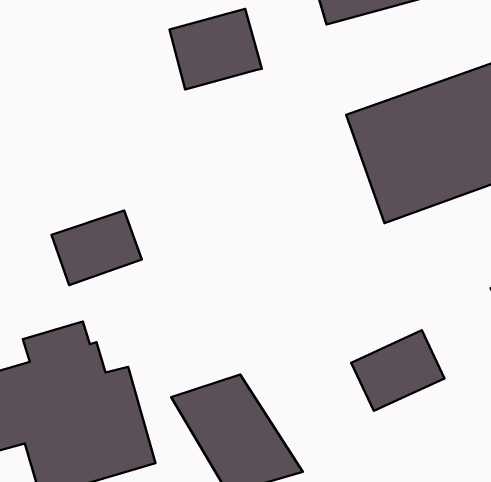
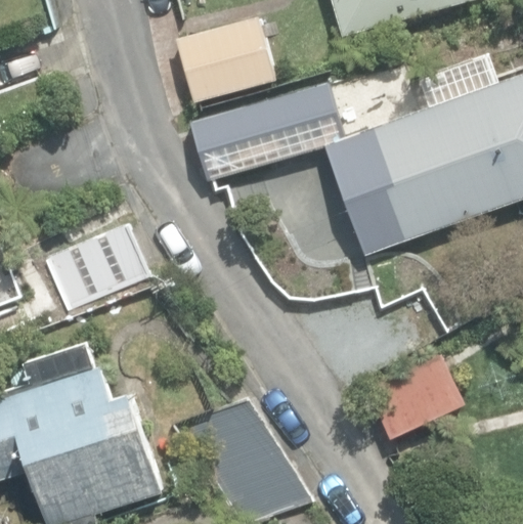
building: none -> [194,85,341,177]

